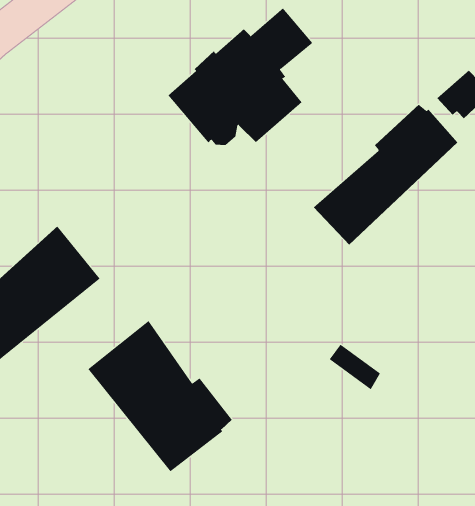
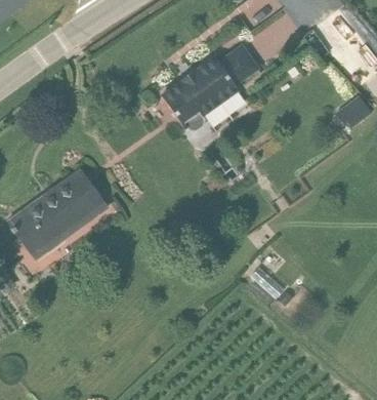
building: [313,104,458,245] -> none
building: [88,320,233,472] -> none

